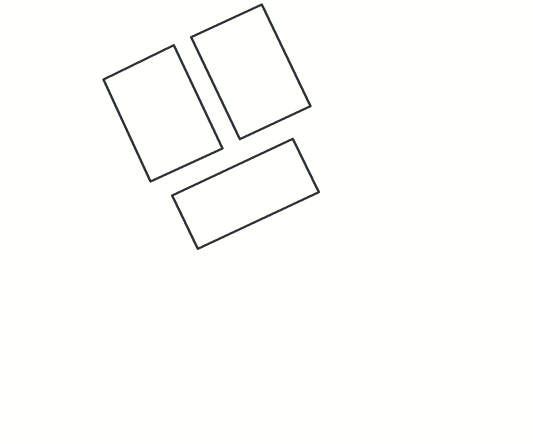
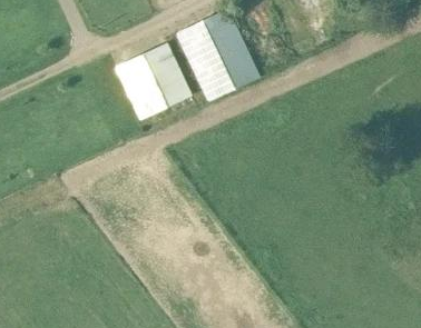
building: [172,139,319,249] -> none

